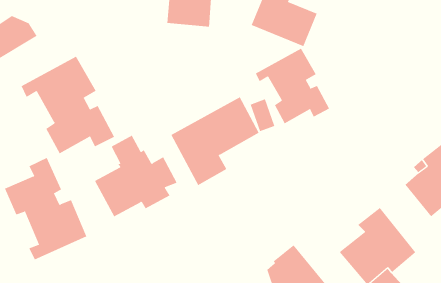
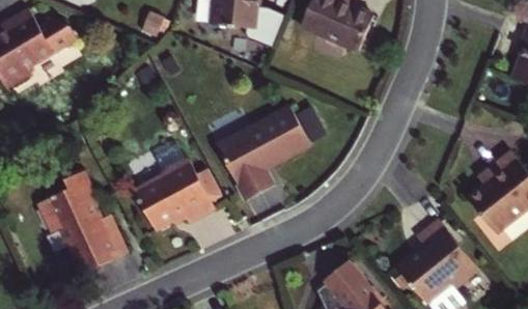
building: [255,48,330,124] -> none
building: [21,56,115,154] -> none

